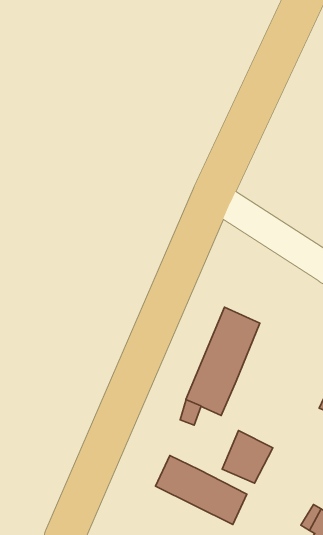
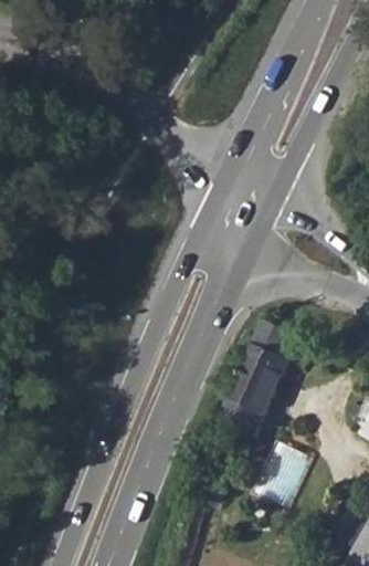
building: [156,456,247,525] -> none

